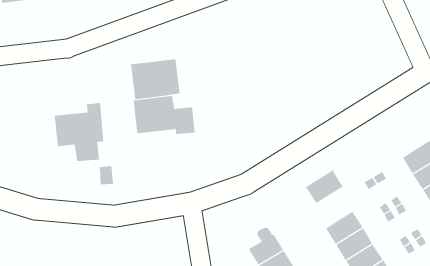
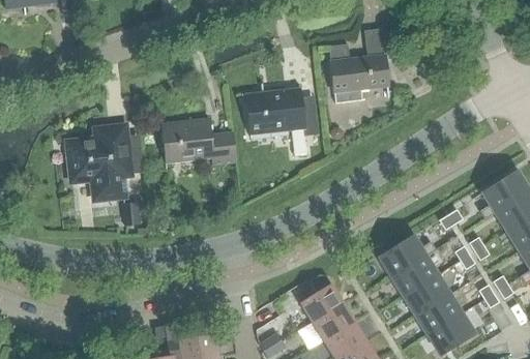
building: none -> [330,29,388,103]
building: [130,59,181,100] -> [247,87,307,136]
building: [304,169,343,204] -> [379,235,425,276]

